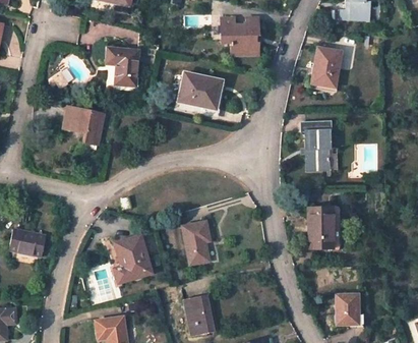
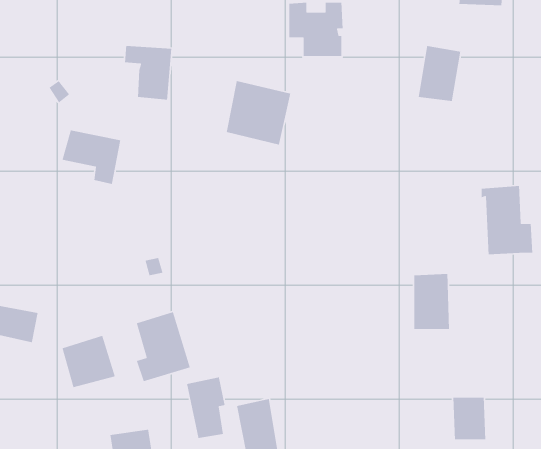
building: [302,121,339,170] -> [481,185,533,255]
building: [182,220,210,264] -> [186,376,225,439]
building: none -> [61,335,116,388]

